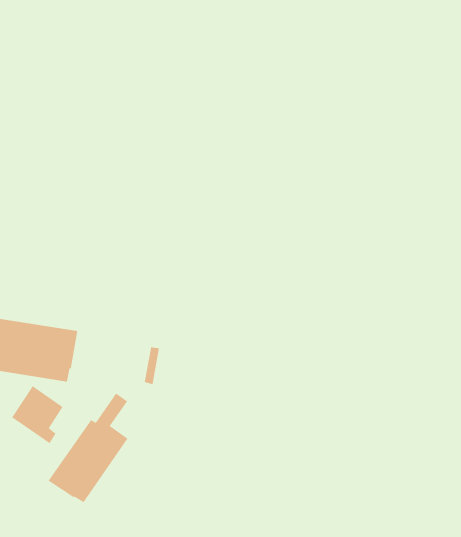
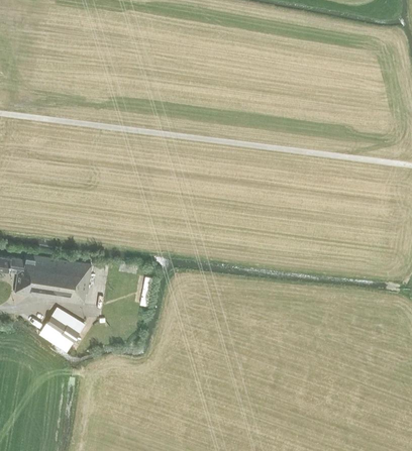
building: [48,392,128,503] -> none

